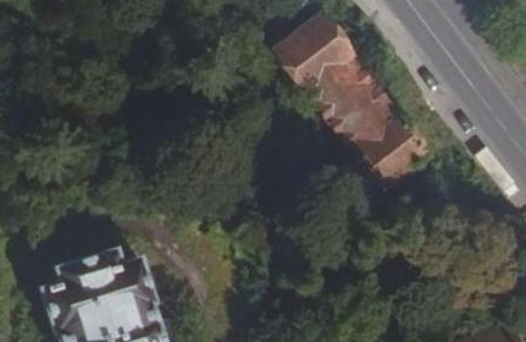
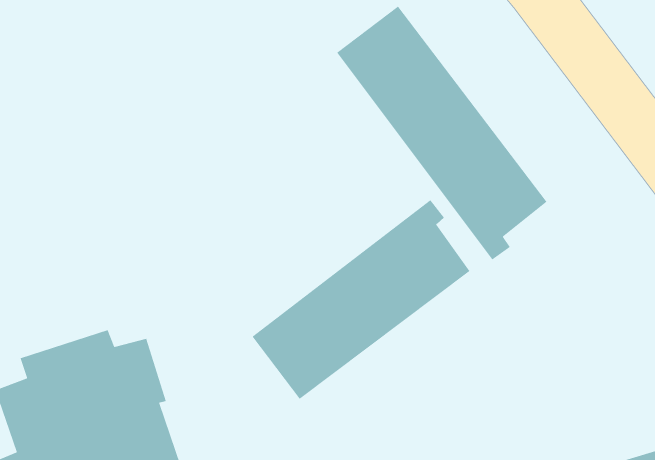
building: none -> [251,199,470,400]

